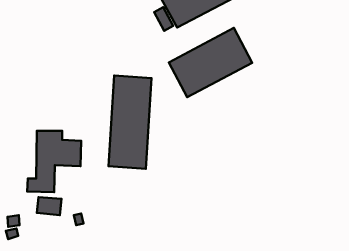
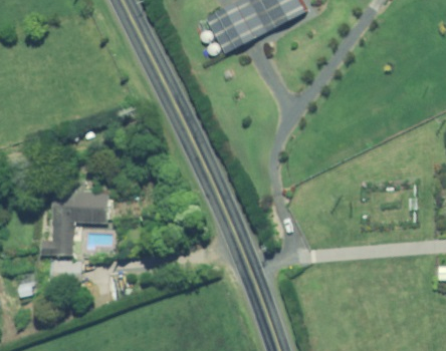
building: [169,28,252,97] -> none
building: [108,75,152,169] -> none

